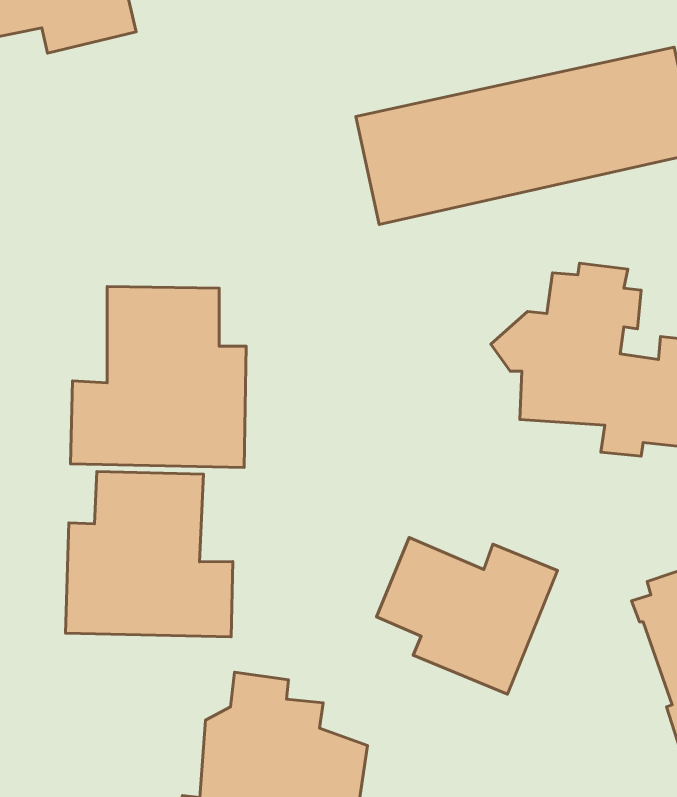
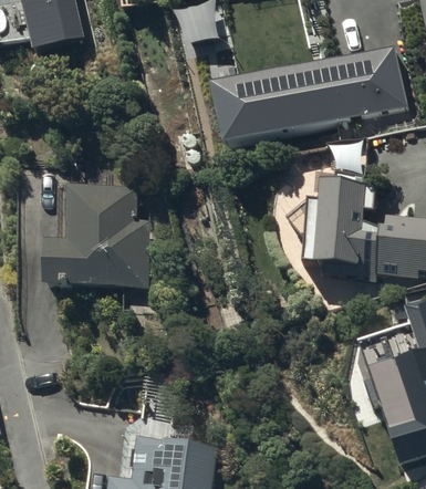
building: [66,471,233,637] -> none
building: [377,537,558,694] -> none

